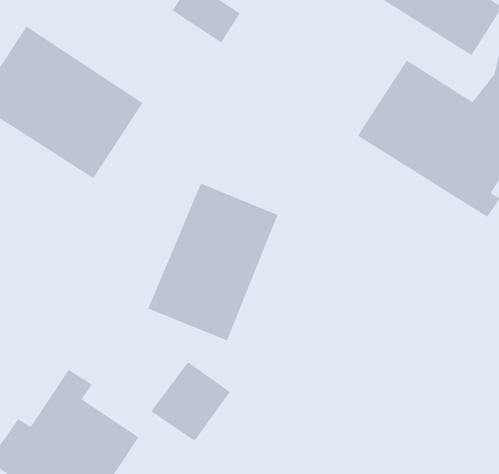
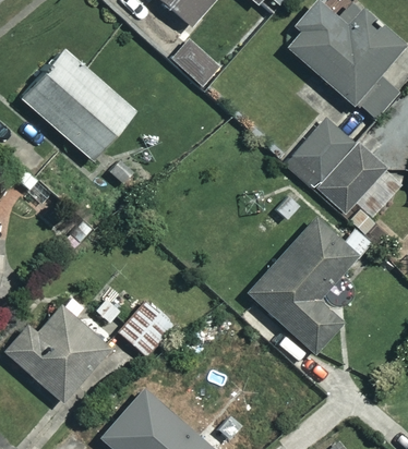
building: none -> [245,195,369,353]
building: [147,183,279,342] -> none

